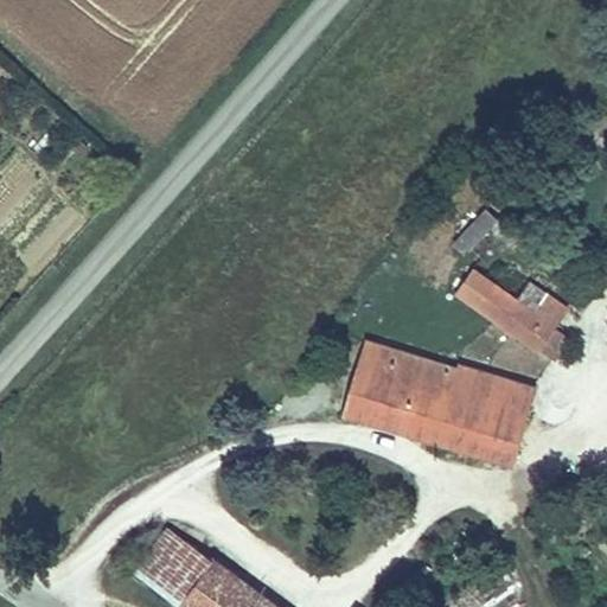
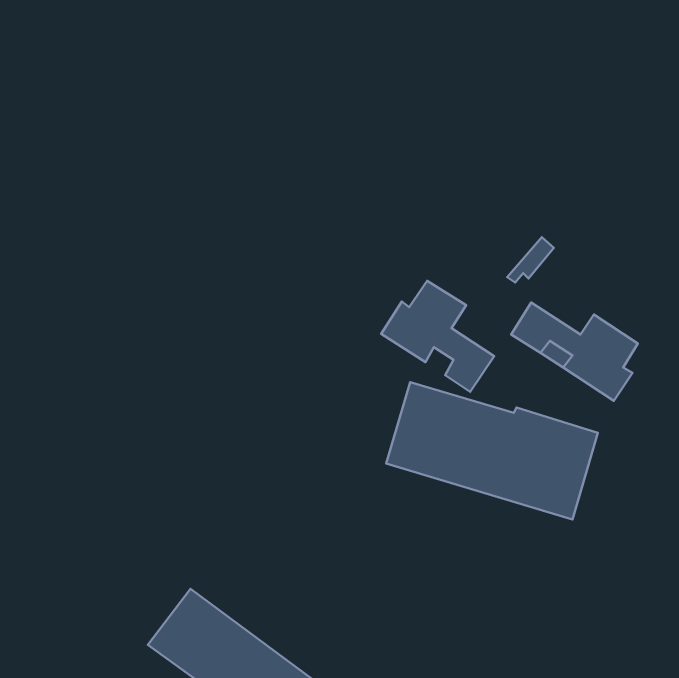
building: none -> [381,281,494,392]

